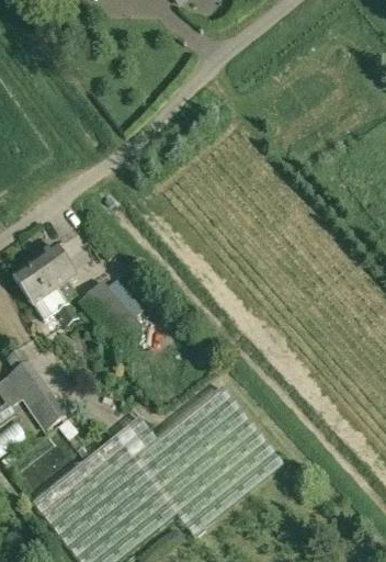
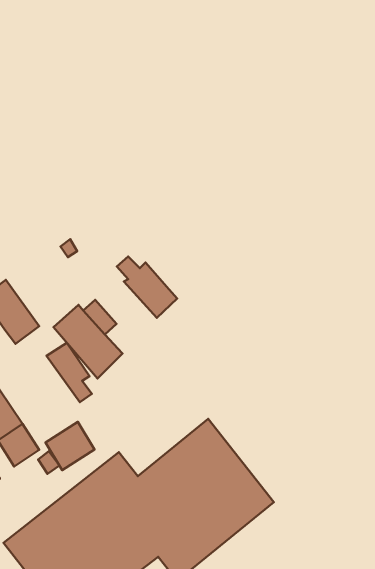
building: none -> [117,257,177,318]
building: [35,246,77,301] -> [47,343,92,402]
building: none -> [46,422,95,470]

